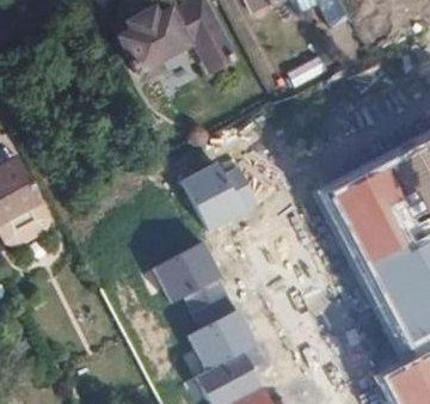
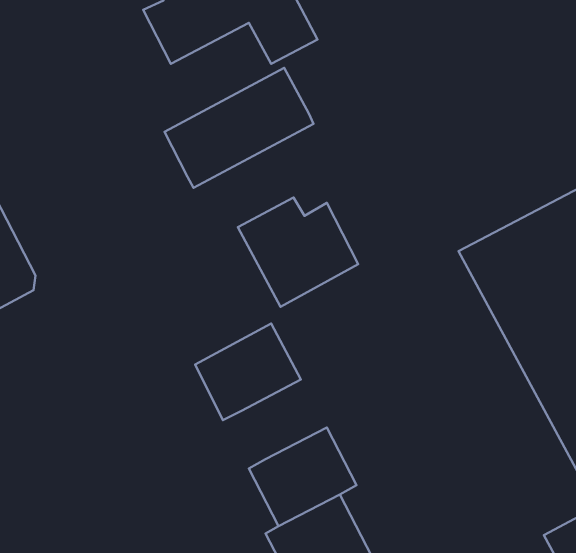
building: none -> [164,68,313,188]
building: [183,277,238,329] -> none

